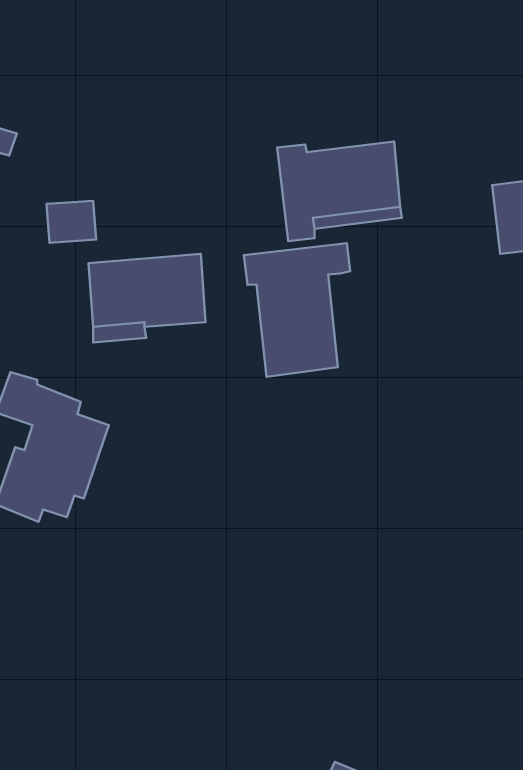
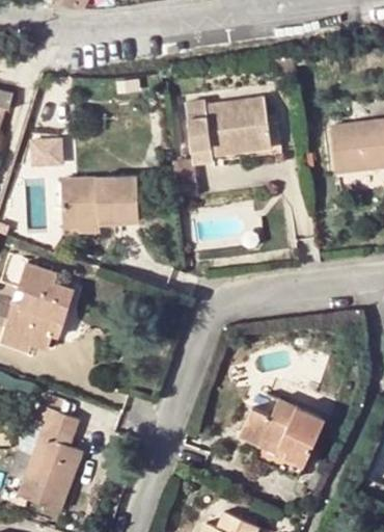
building: [244,243,350,377] -> none
building: none -> [240,399,324,477]
building: none -> [18,403,82,508]

